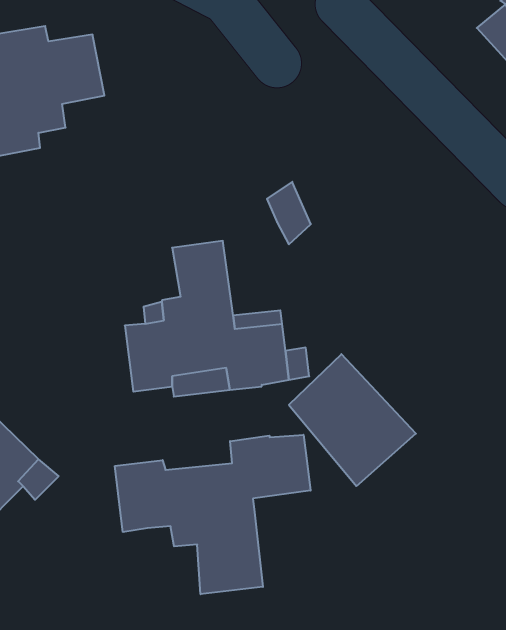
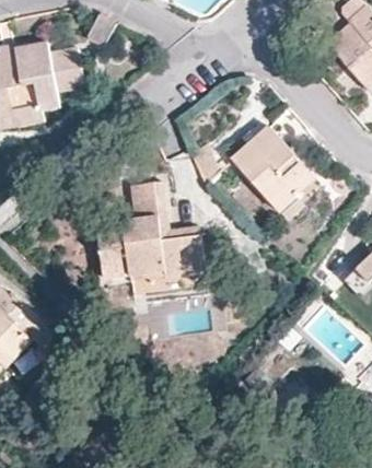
building: [289,354,416,486] -> [233,126,315,211]
building: [115,435,311,594] -> none

